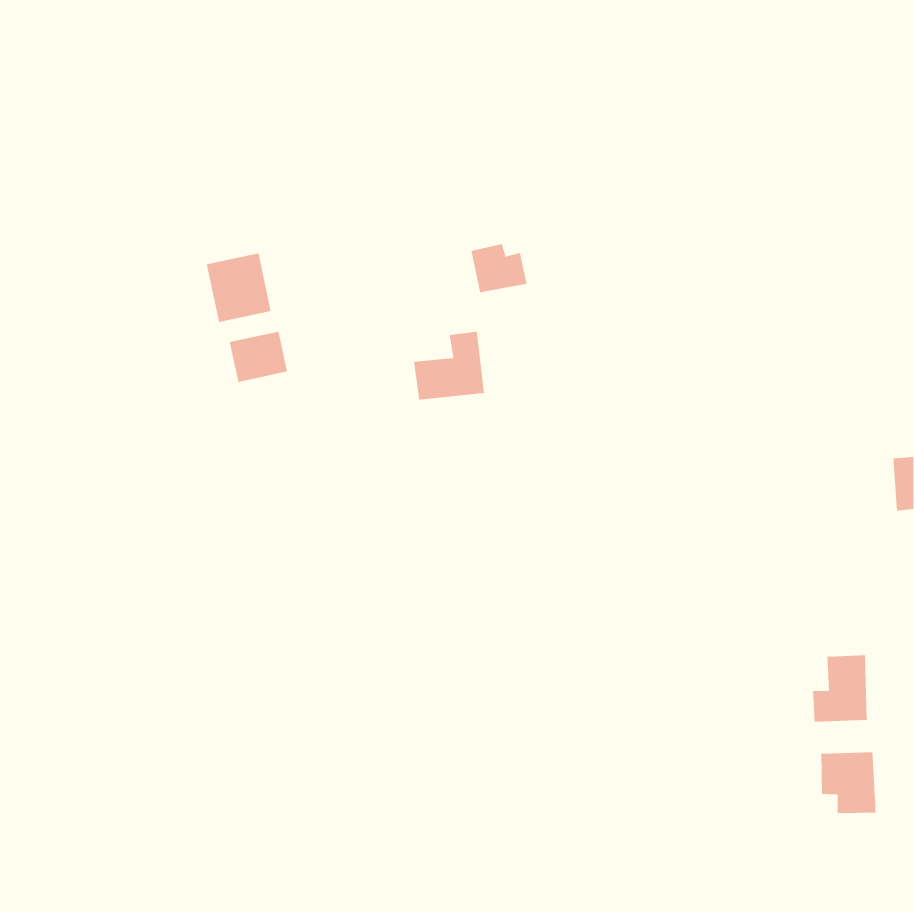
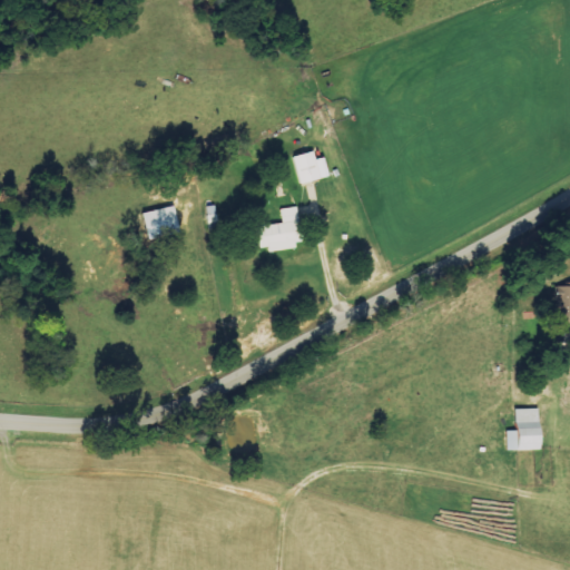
building: [206,253,272,323] -> none
building: [820,752,876,814] -> none

